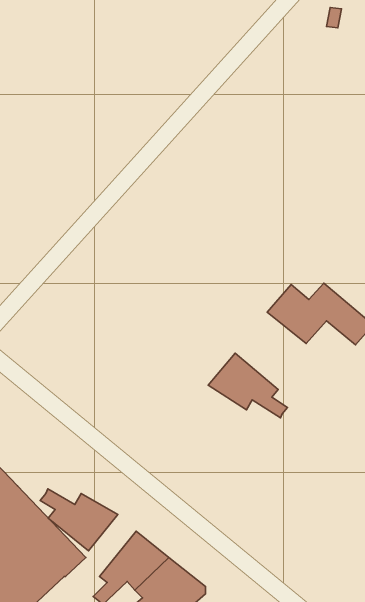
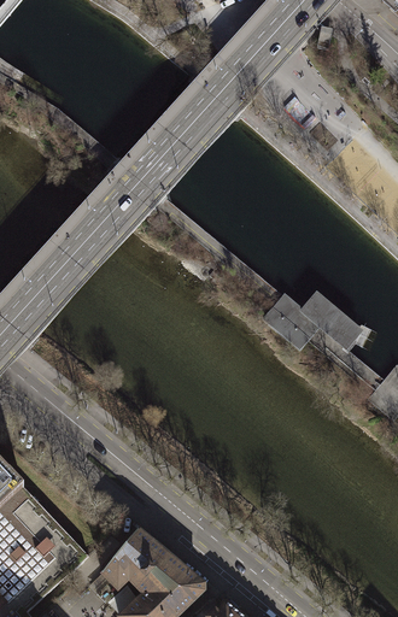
building: [208,353,288,418] -> none
building: [40,489,118,551] -> none

